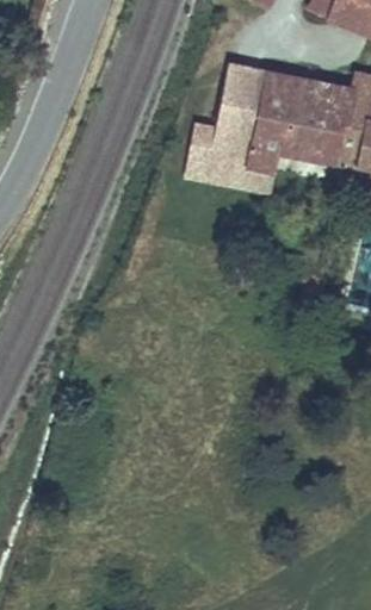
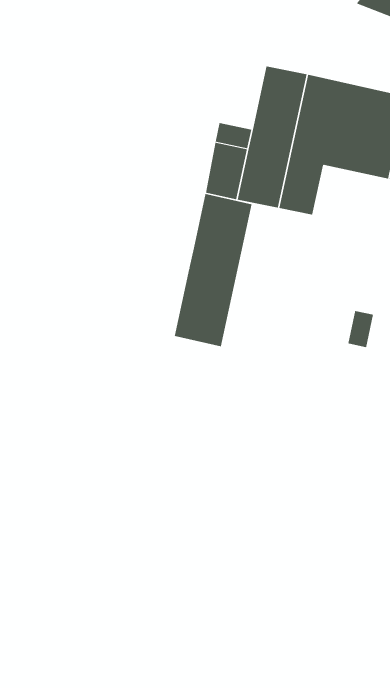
building: none -> [174,193,252,347]

